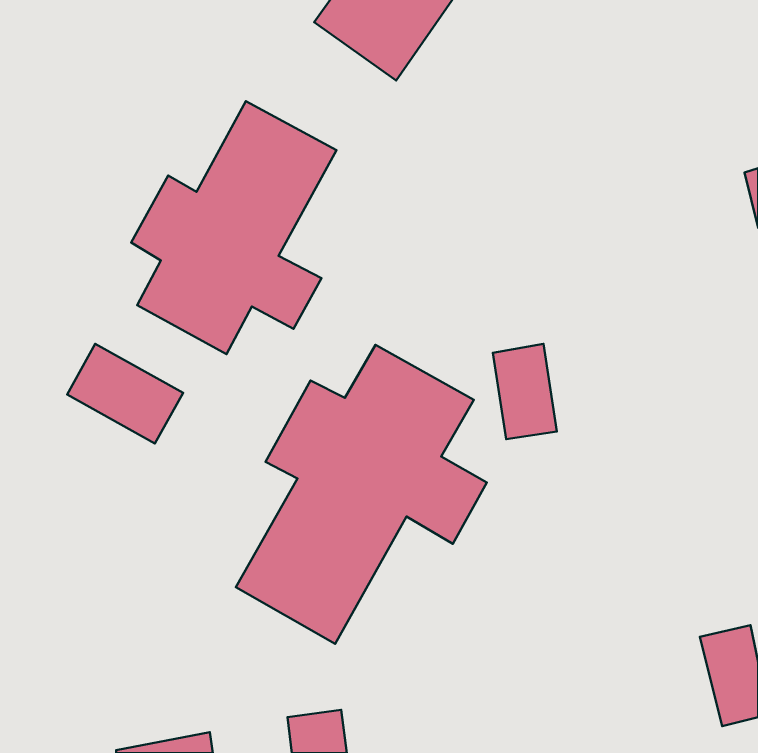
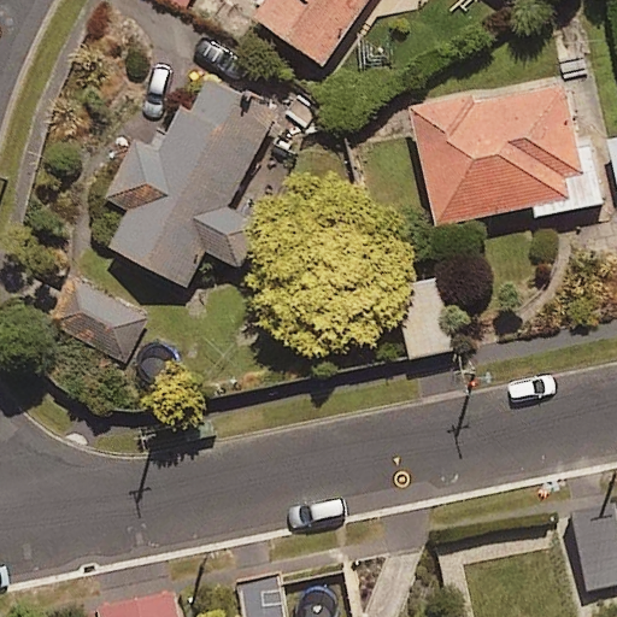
building: none -> [413,87,600,223]
building: [236,345,487,644] -> none

